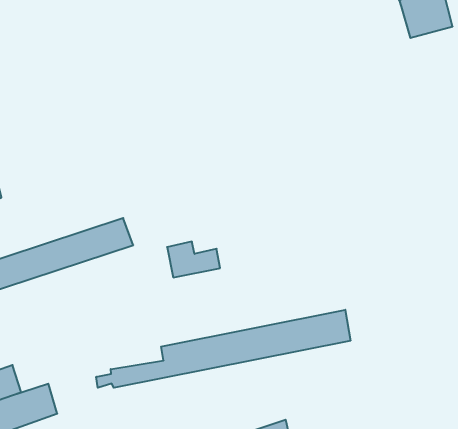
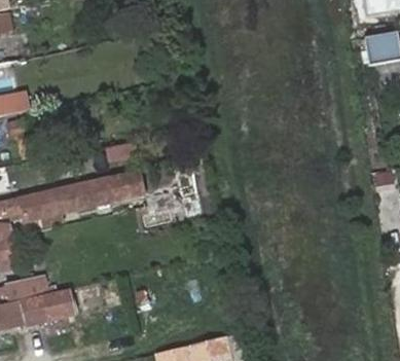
building: [96,310,350,388] -> none

